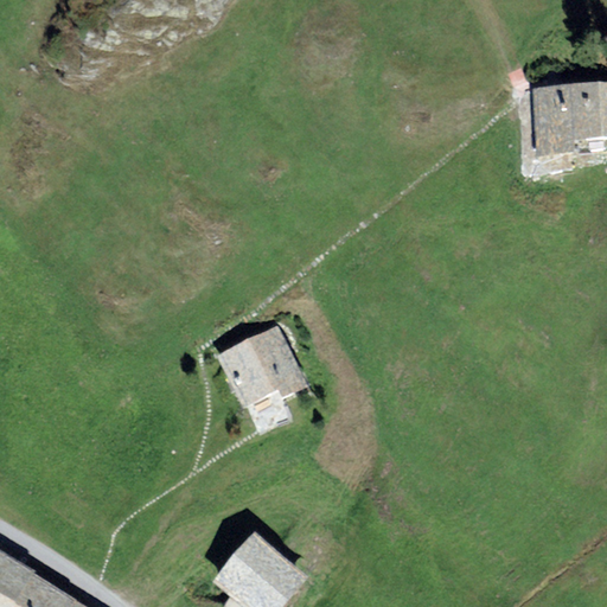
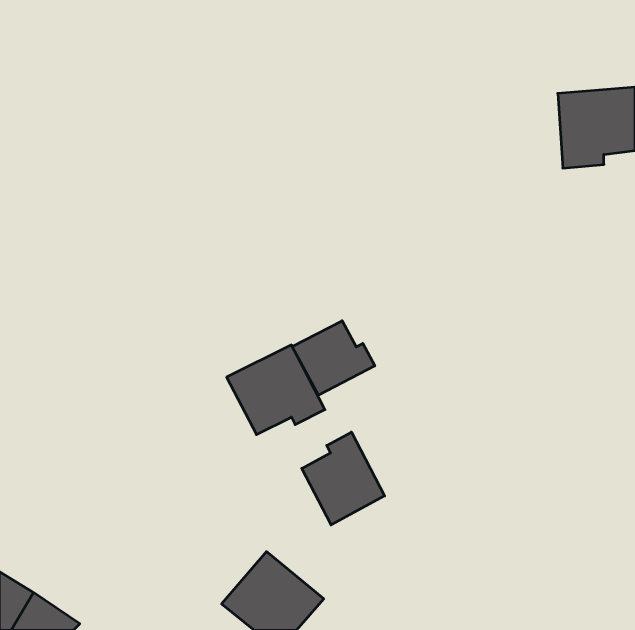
building: none -> [292,321,375,395]
building: none -> [302,432,385,525]

